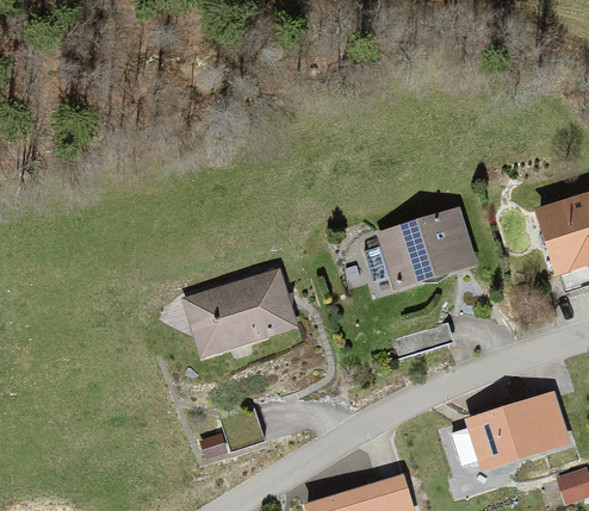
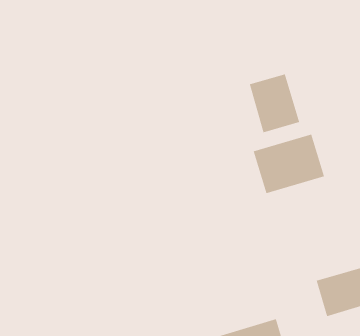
building: none -> [249,74,300,133]
building: [178,269,298,360] -> none

